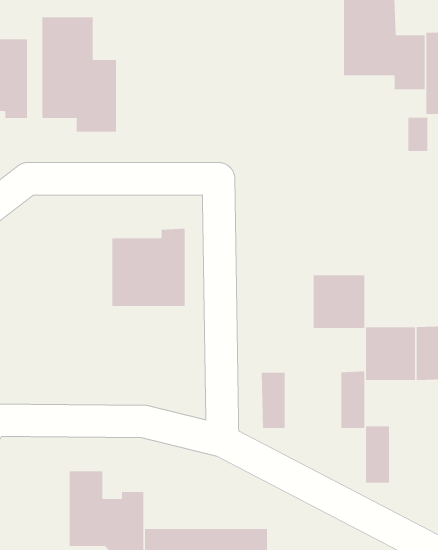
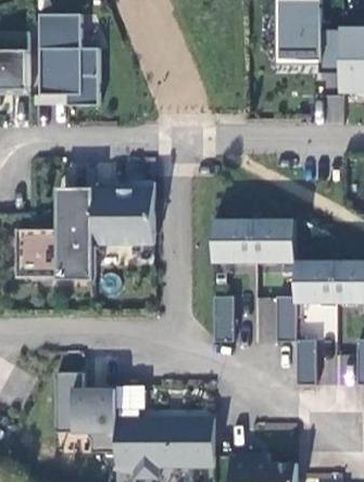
building: none -> [14,189,93,278]
building: none -> [212,218,253,261]

